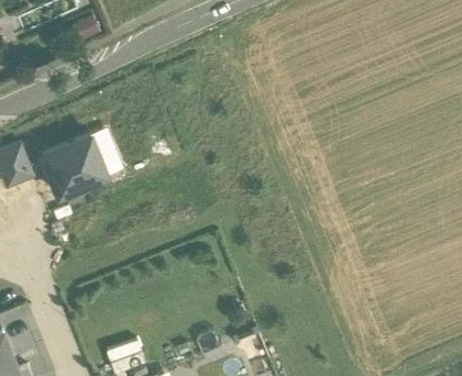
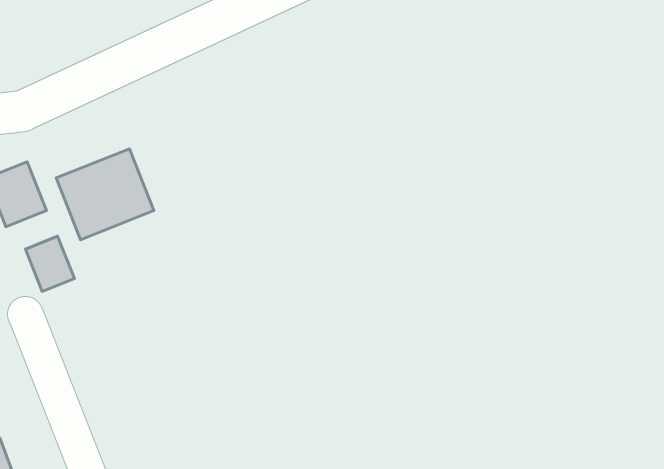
building: none -> [25,236,74,291]

